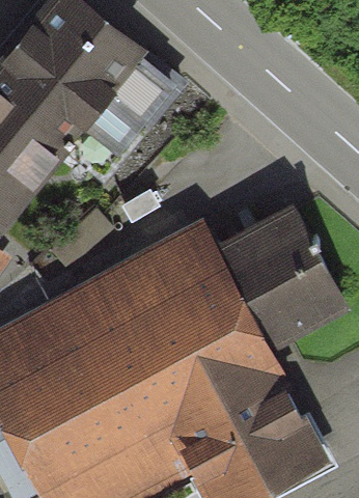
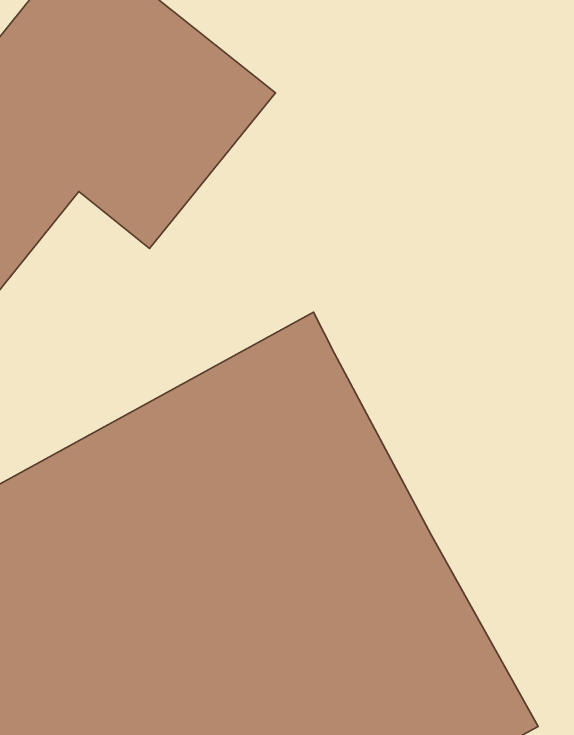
building: [214,201,348,350] -> none

